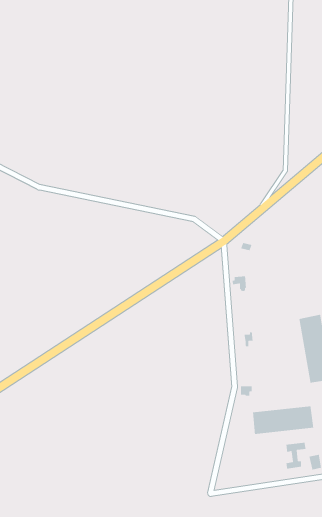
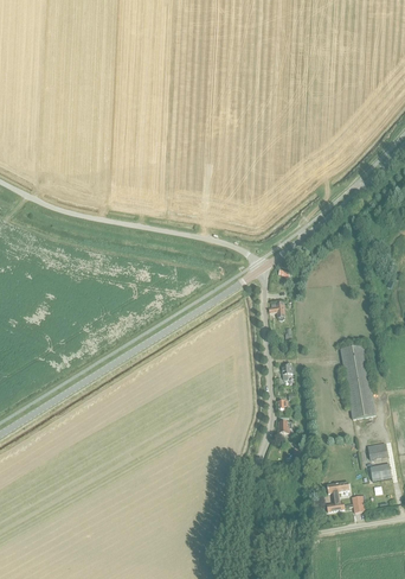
building: [252,405,314,435] -> none

